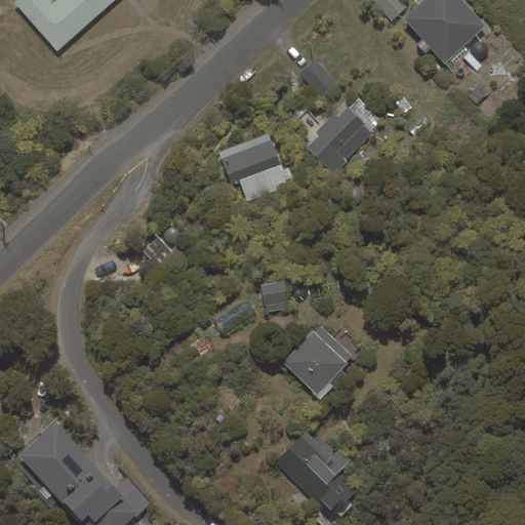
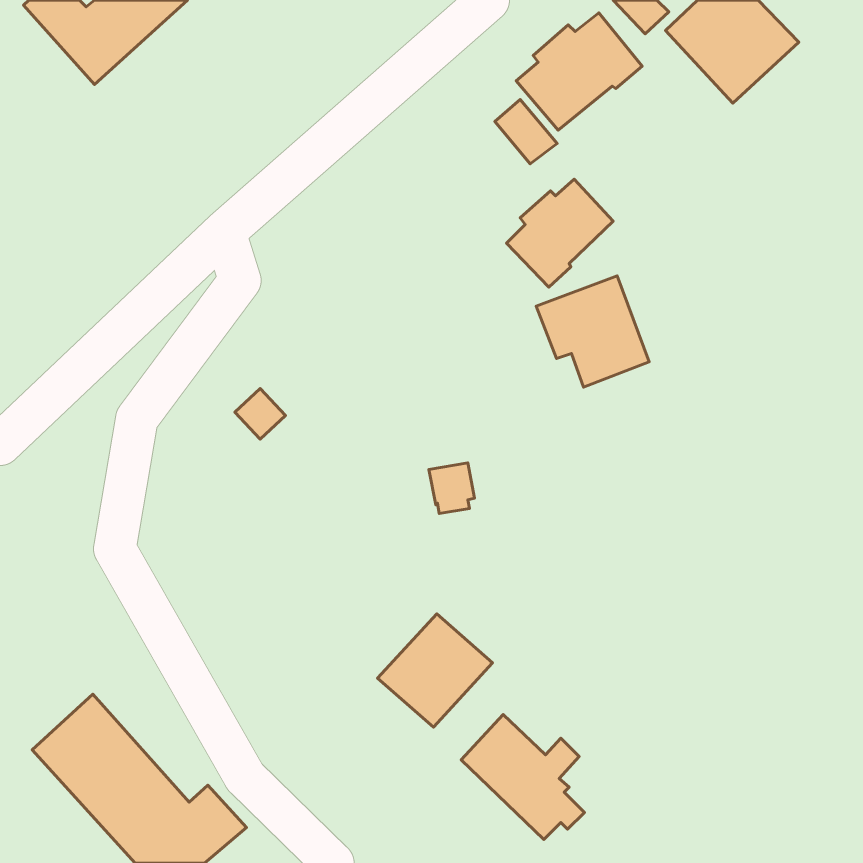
building: none -> [516,13,642,130]
building: [218,134,287,202] -> [536,276,649,387]
building: [284,324,354,393] -> [378,614,492,727]

